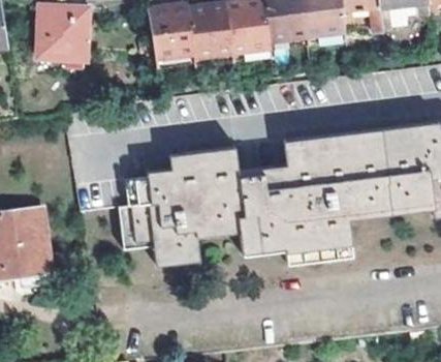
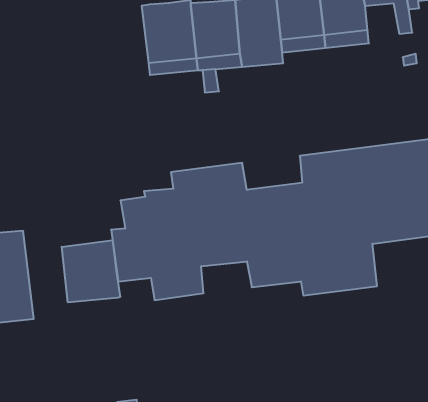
building: [37,10,85,59] -> none
building: none -> [62,240,120,302]

